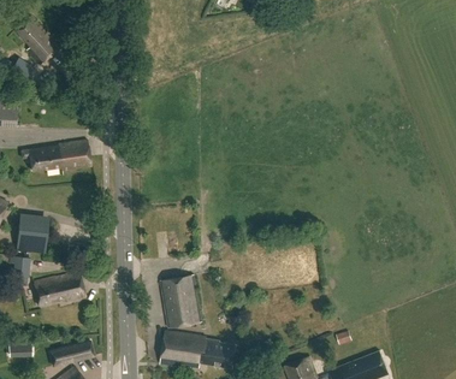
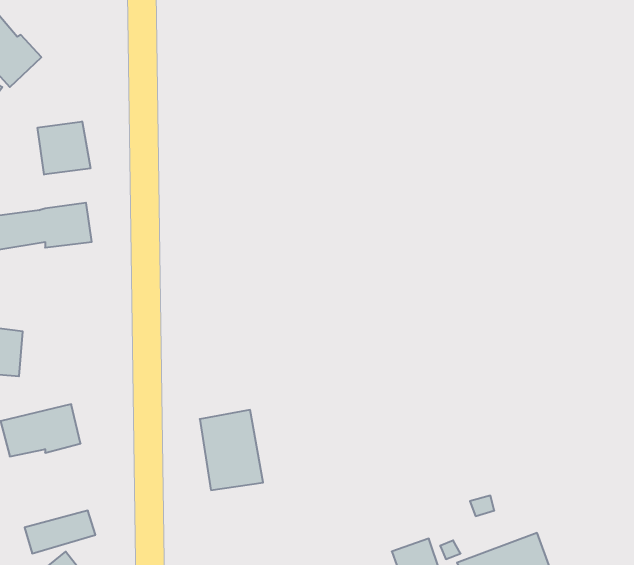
building: none -> [38,121,90,175]
building: [160,330,235,368] -> none

